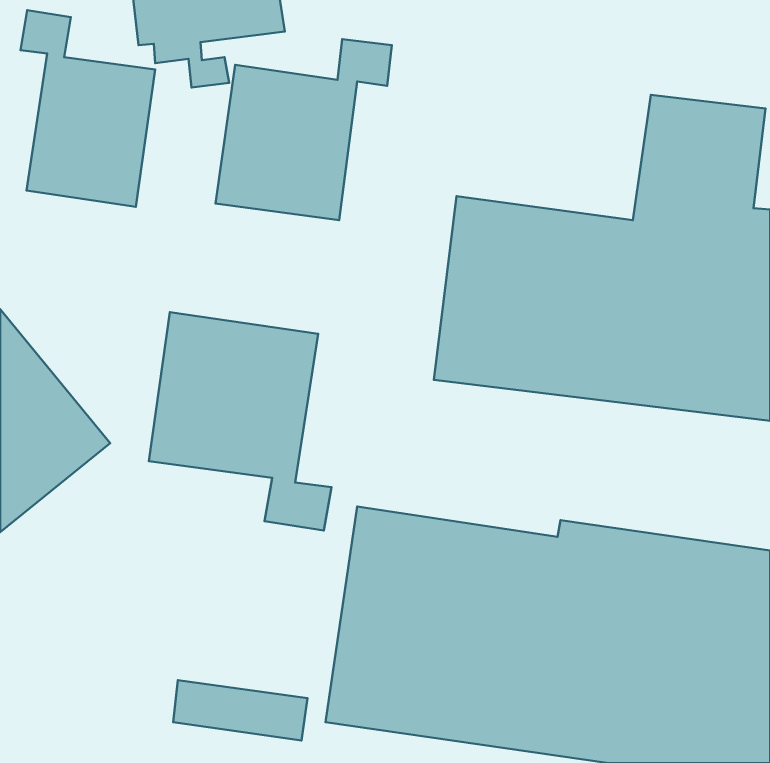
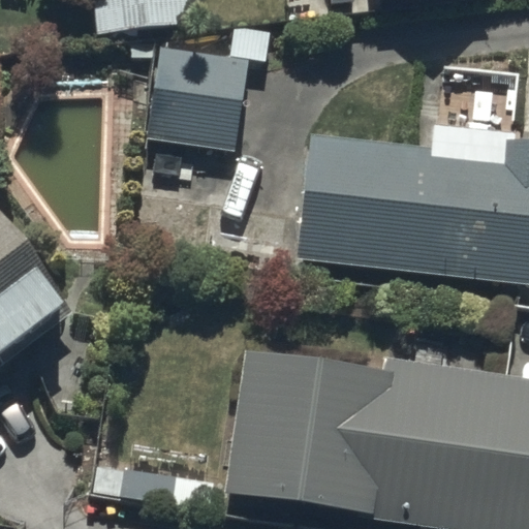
building: [20,10,155,207] -> none
building: [149,312,332,531] -> none

